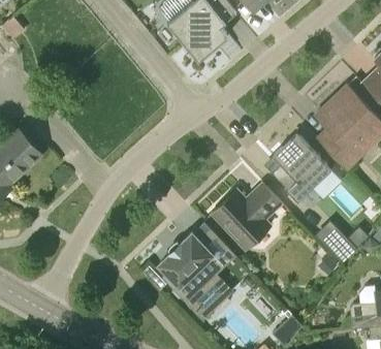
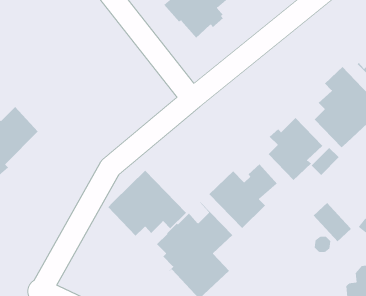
building: none -> [108,170,187,236]

